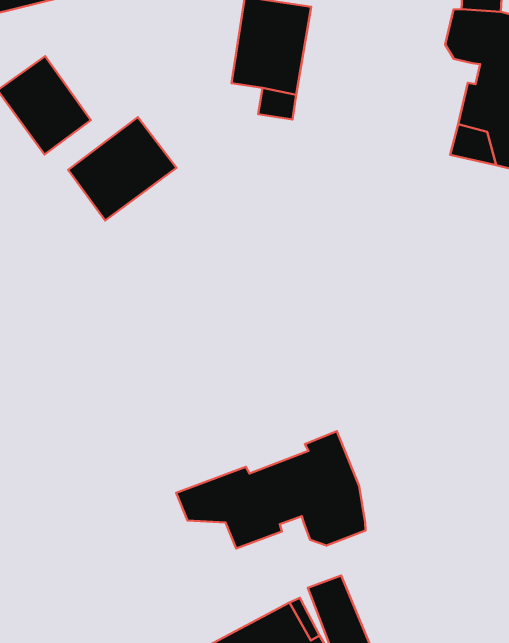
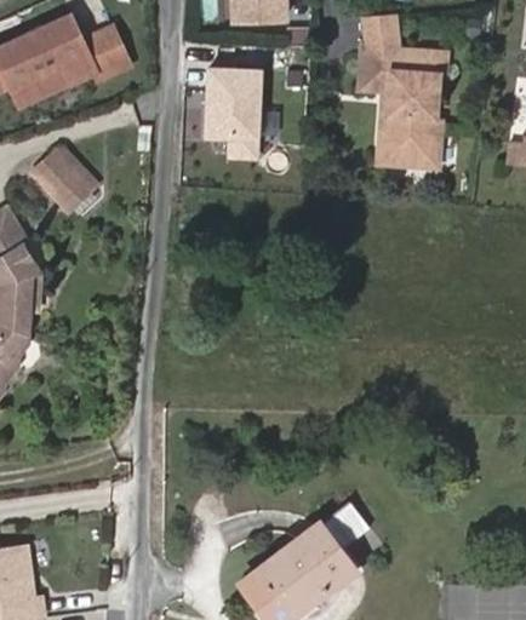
building: [68,117,177,220] -> none
building: [176,431,366,549] -> none

